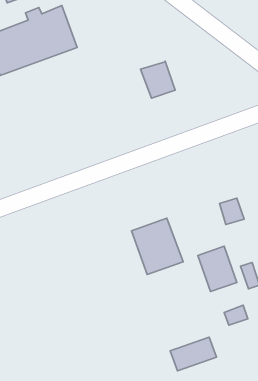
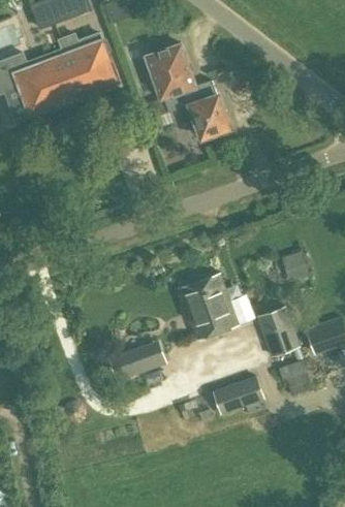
building: none -> [146,44,218,113]
building: none -> [107,344,165,381]
building: [170,337,217,371] -> [211,376,263,414]

